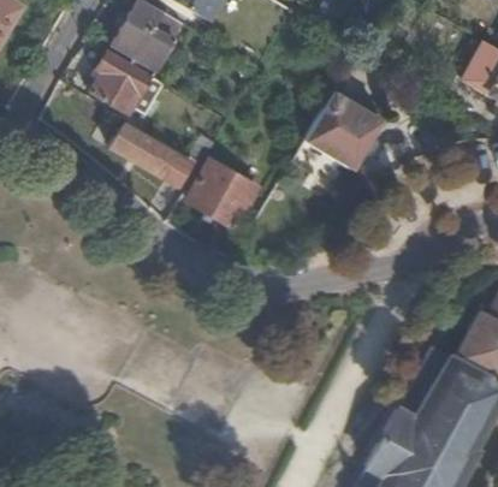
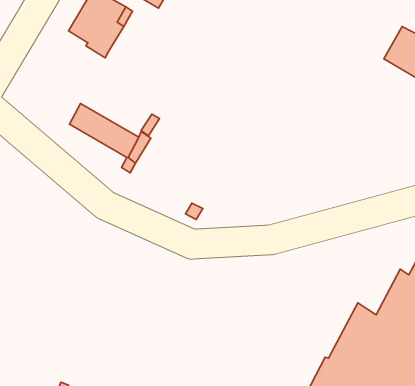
building: [91,49,152,114] -> none
building: [303,84,383,164] -> none
building: [188,160,256,226] -> none

